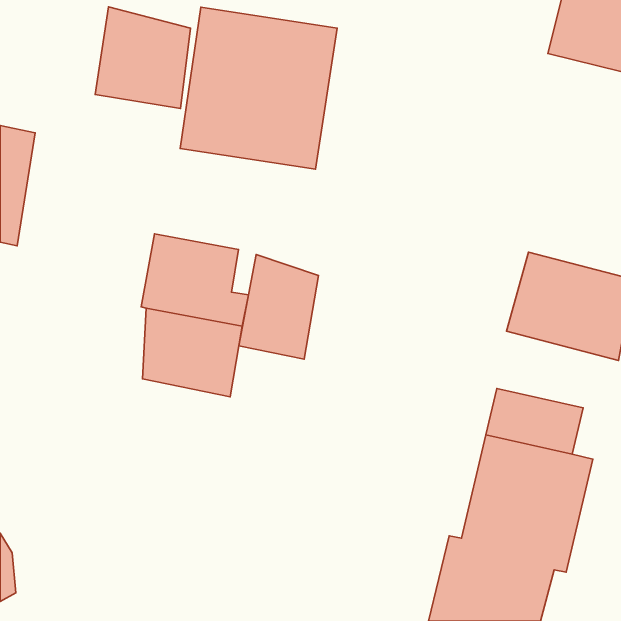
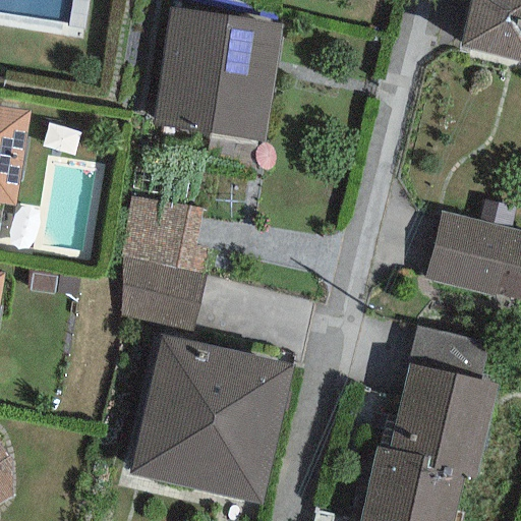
building: [95,7,191,108] -> none
building: [239,255,318,359] -> none
building: none -> [130,336,294,505]

